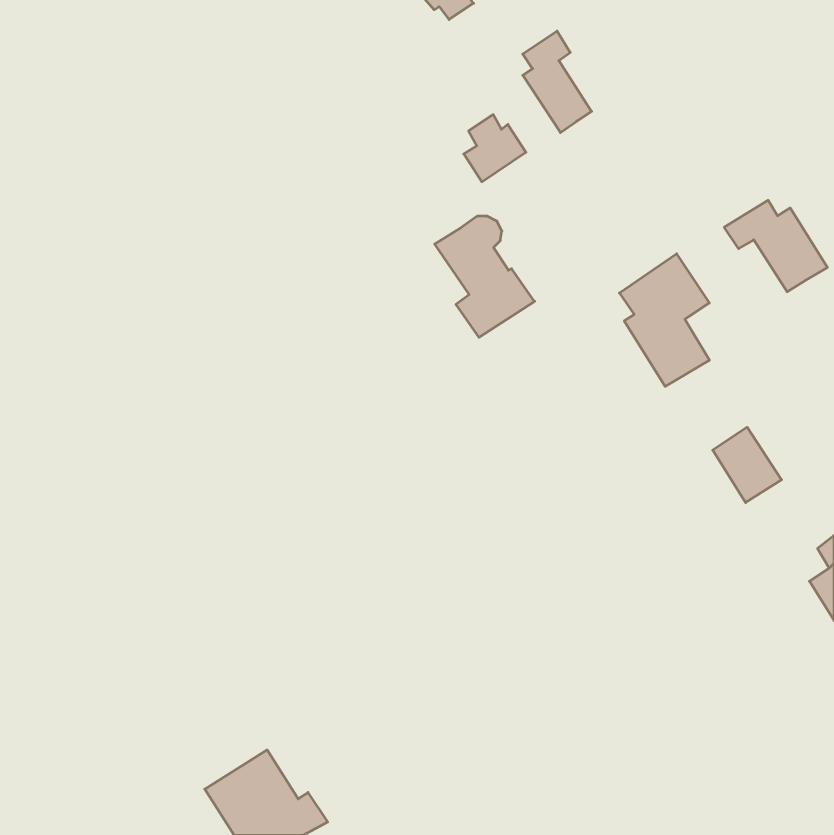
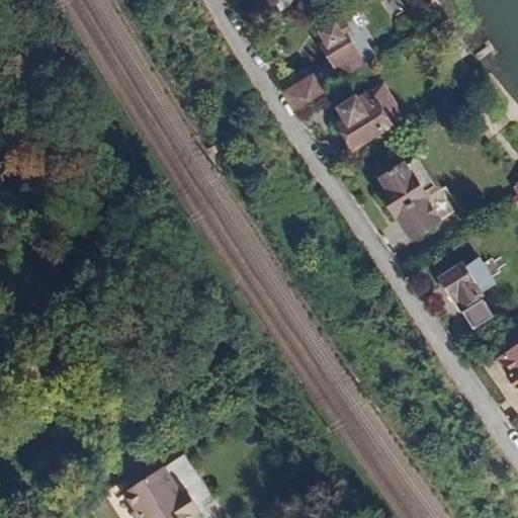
building: [724,200,827,292] -> none
building: [435,216,535,337] -> [330,75,392,150]

